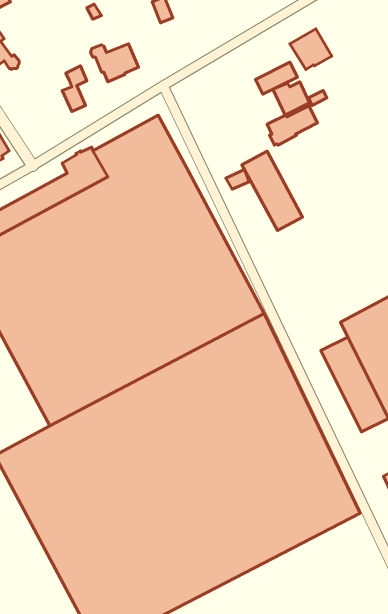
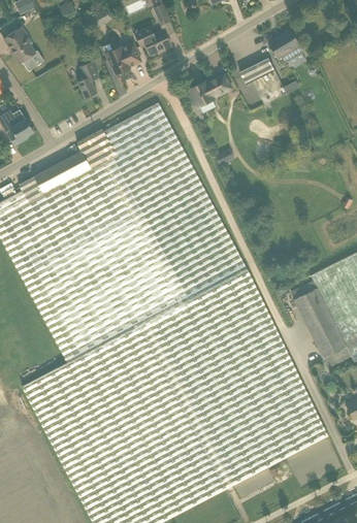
building: none -> [136,26,171,54]
building: [267,106,318,145] -> [189,73,231,106]
building: [242,151,303,231] -> none

